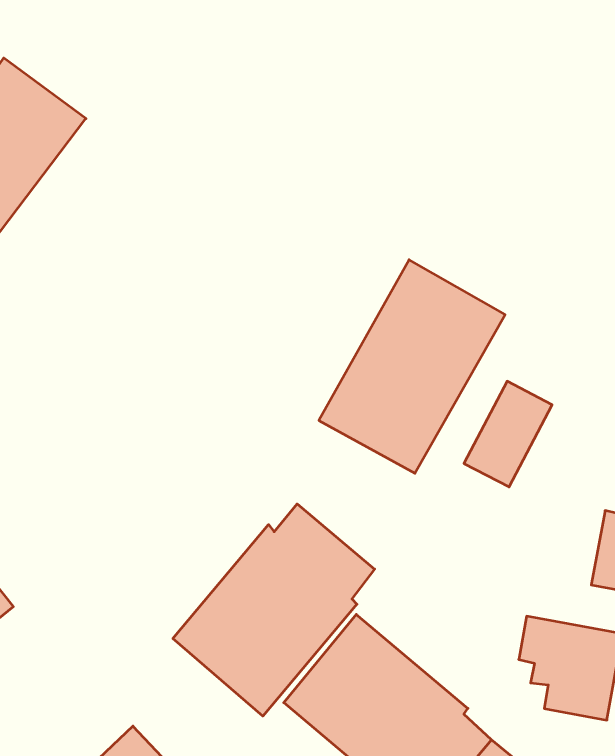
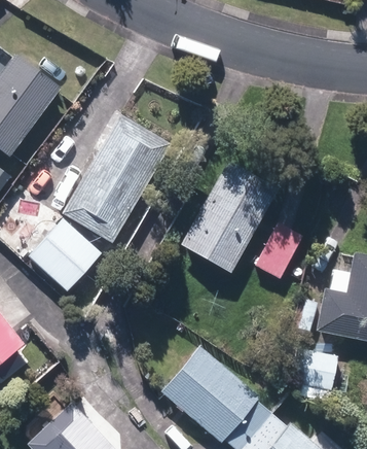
building: none -> [61,114,169,242]
building: none -> [28,218,101,291]
building: [173,504,375,716] -> none

